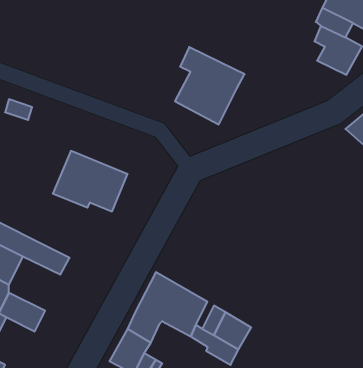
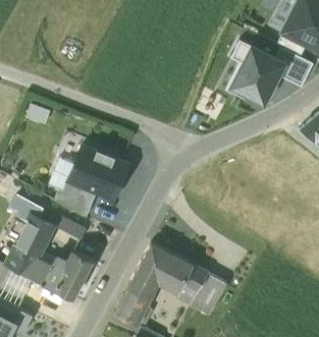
building: [175,47,245,124] -> [230,43,285,104]
building: none -> [55,180,98,217]
building: none -> [56,251,93,298]

